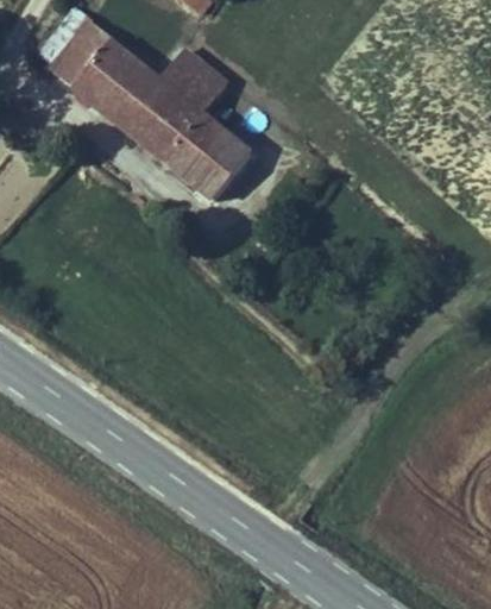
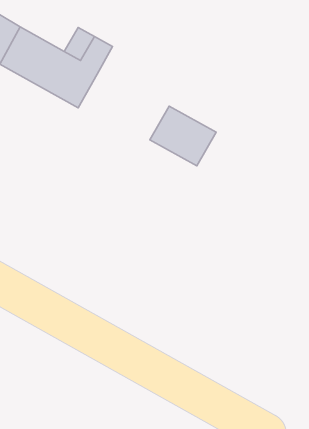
building: [165,111,253,193] -> [150,106,216,166]

